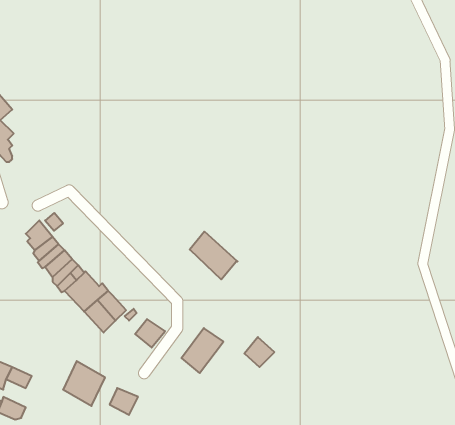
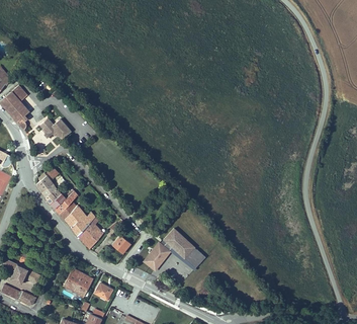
building: none -> [40,119,72,142]
building: [190,232,238,279] -> [163,229,195,261]

